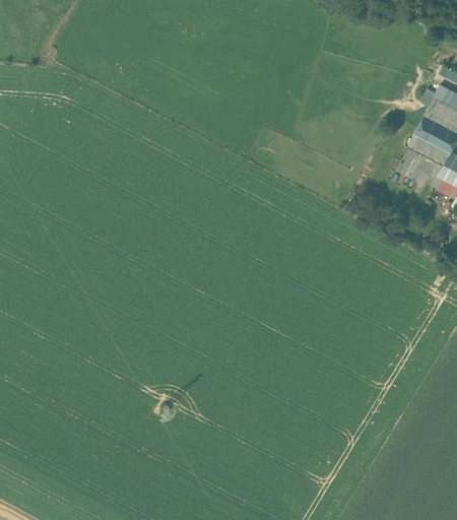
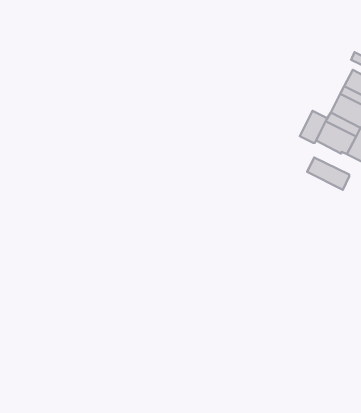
building: none -> [300,111,327,143]
building: none -> [307,157,349,190]

